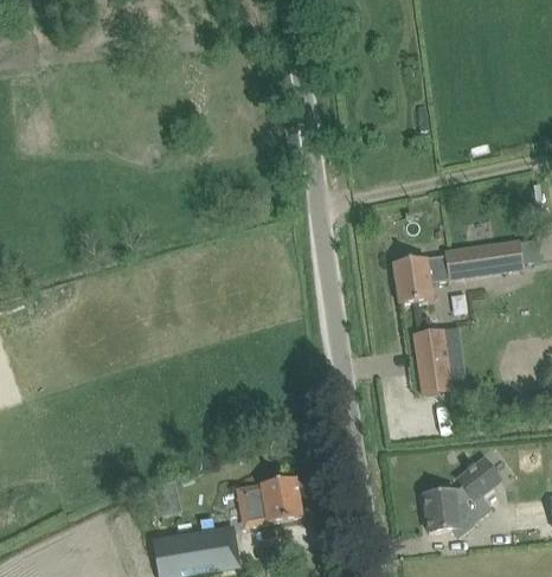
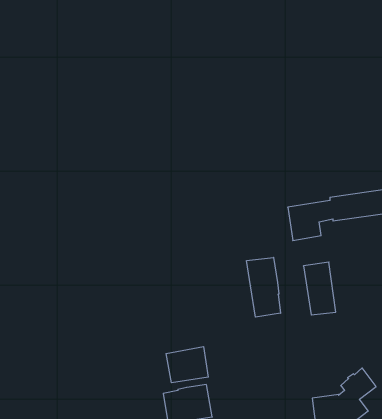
building: none -> [247,257,281,317]
building: none -> [166,347,208,383]

